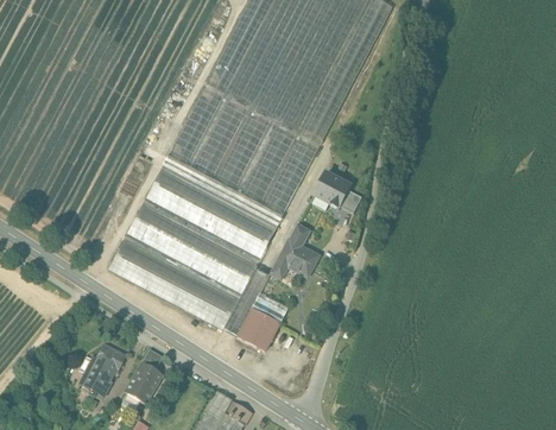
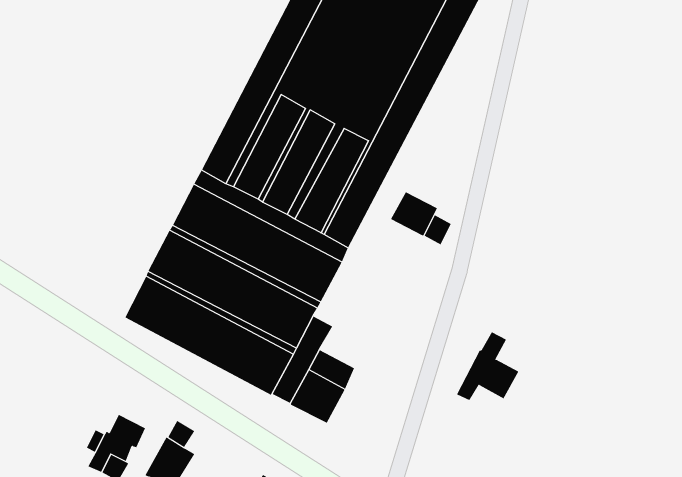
building: [271,225,320,278] -> [456,332,519,401]

